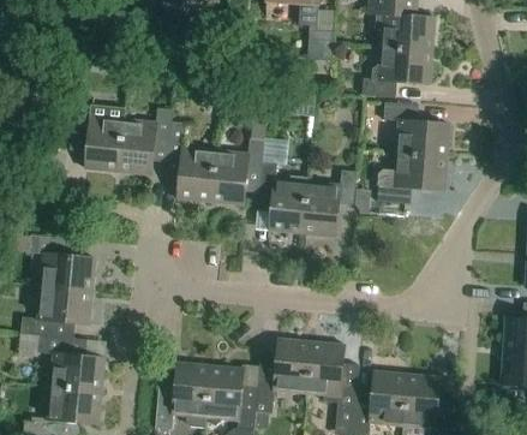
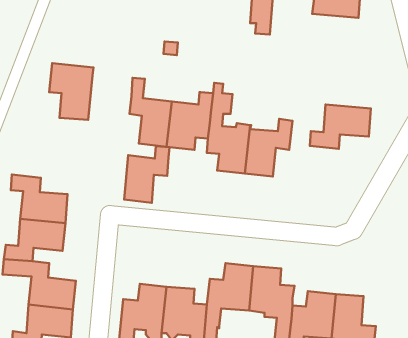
building: [363,48,433,99] -> none
building: [384,103,450,159] -> none
building: [119,109,172,175] -> [124,146,169,203]

